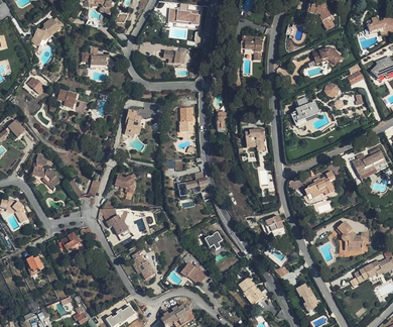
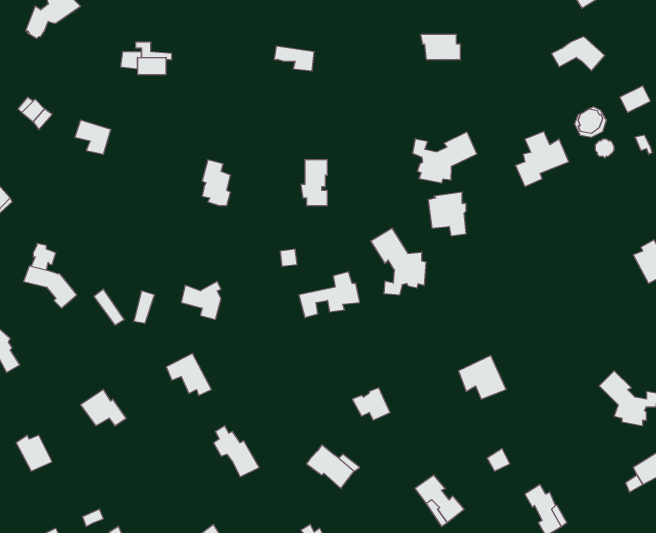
building: none -> [413,132,477,183]
building: none -> [371,228,426,295]
building: [303,171,336,198] -> none

